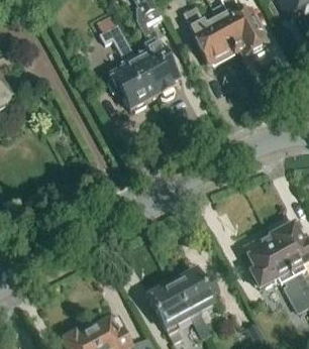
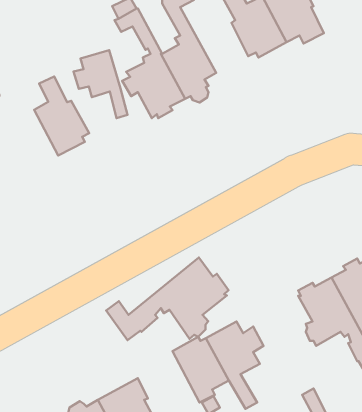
building: none -> [74,50,127,118]
building: none -> [34,76,89,155]
building: none -> [106,258,229,340]

